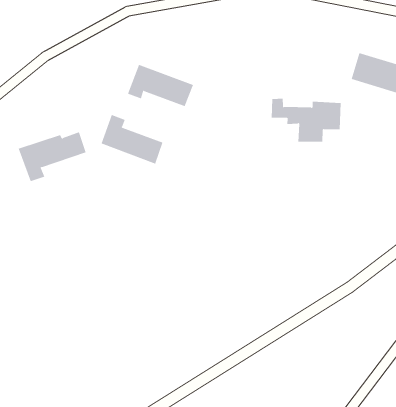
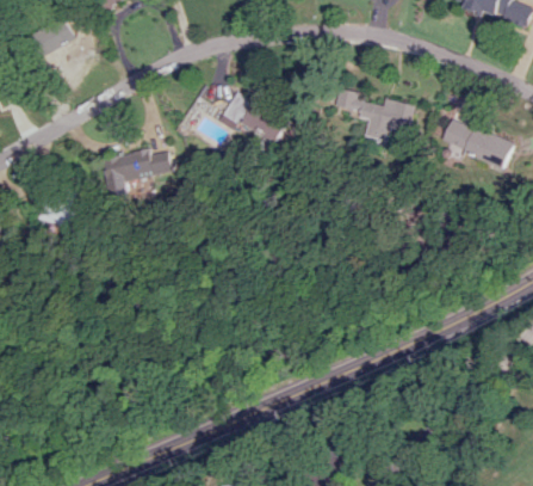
building: [271,98,341,142] -> [339,90,410,140]
building: [101,114,163,164] -> none

